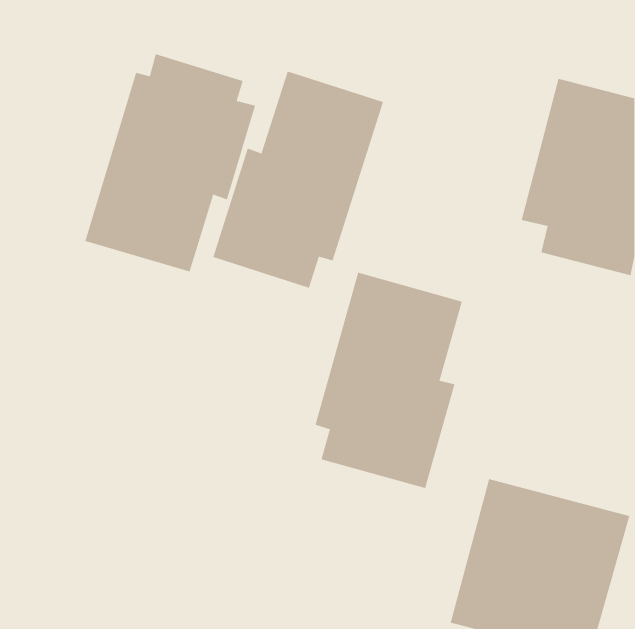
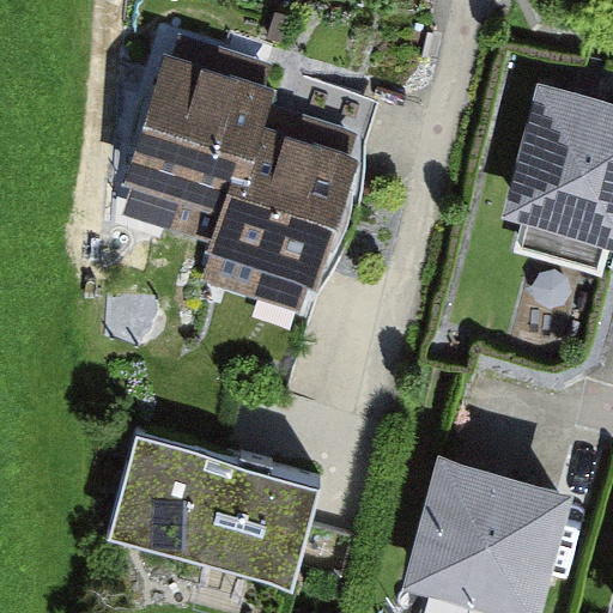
building: [315,272,462,489] -> none
building: none -> [109,439,322,593]

